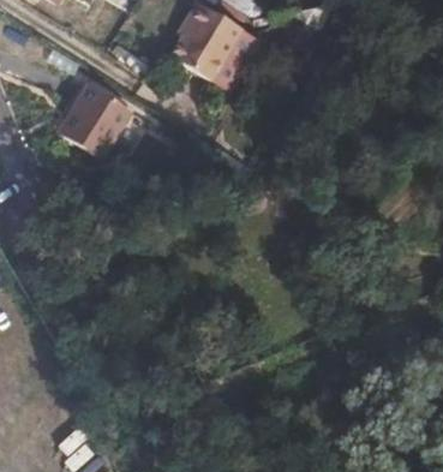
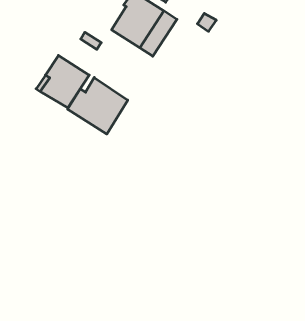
building: none -> [68,77,128,134]

